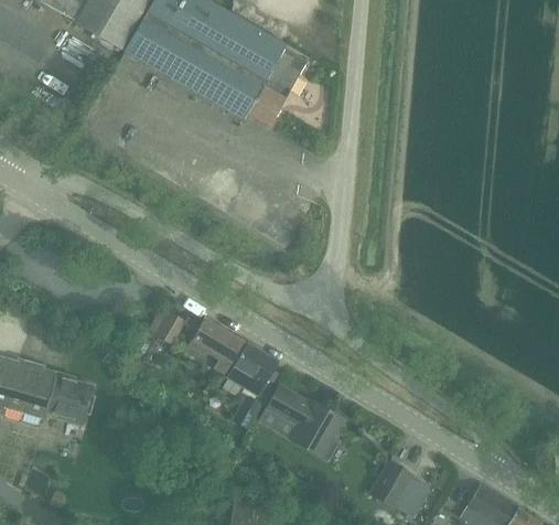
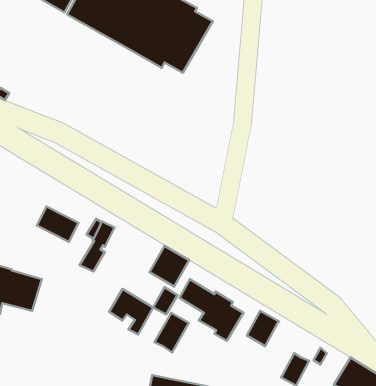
building: none -> [37,206,79,242]
building: [187,317,243,374] -> [109,289,153,335]
building: none -> [155,313,189,352]
building: [370,461,411,505] -> [247,311,279,346]

